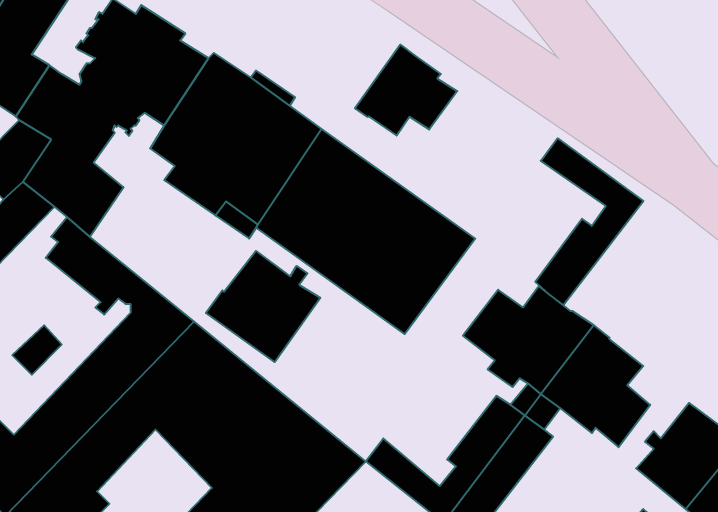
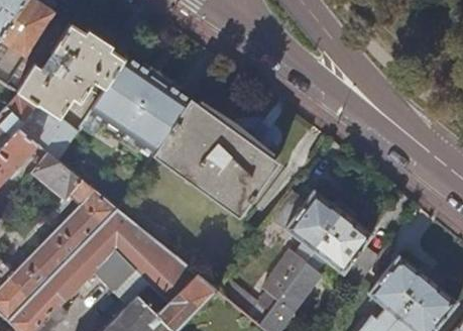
building: [355,45,457,136] -> none
building: [535,138,643,305] -> none
building: [206,251,320,362] -> none

